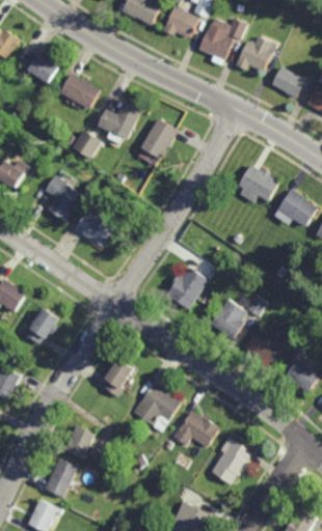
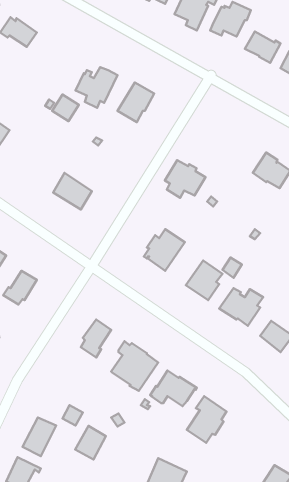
building: [60,73,101,109] -> none
building: [238,164,279,202] -> [165,160,206,198]
building: [46,175,81,220] -> none
building: [63,424,95,458] -> [75,426,106,460]

